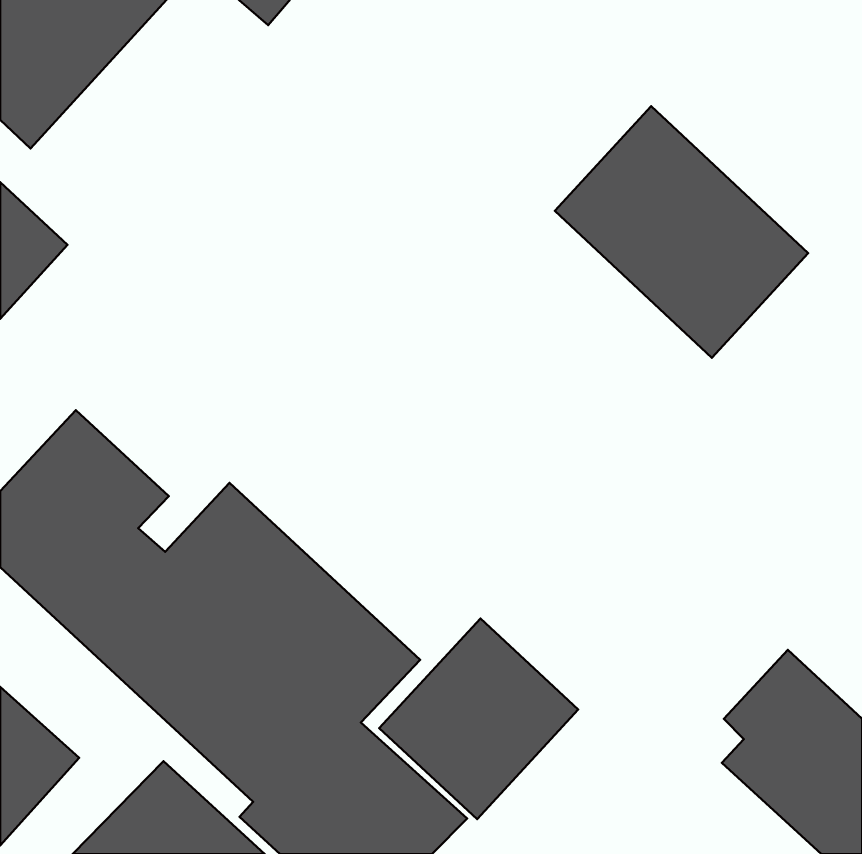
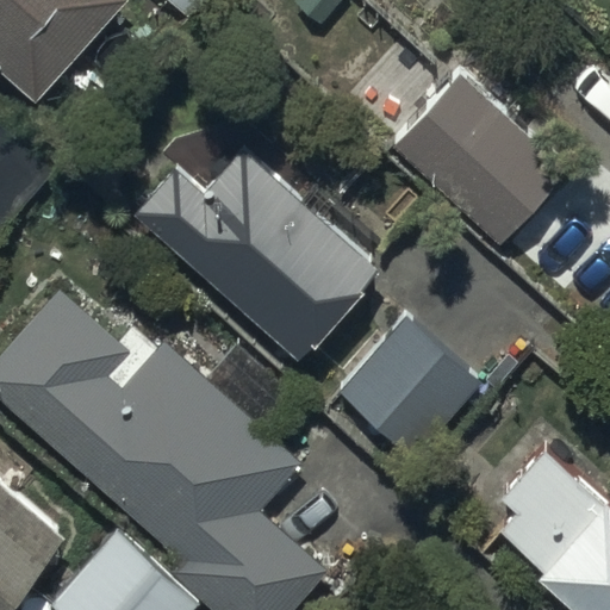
building: none -> [133,147,380,360]
building: [379,618,578,819] -> [342,322,483,463]

